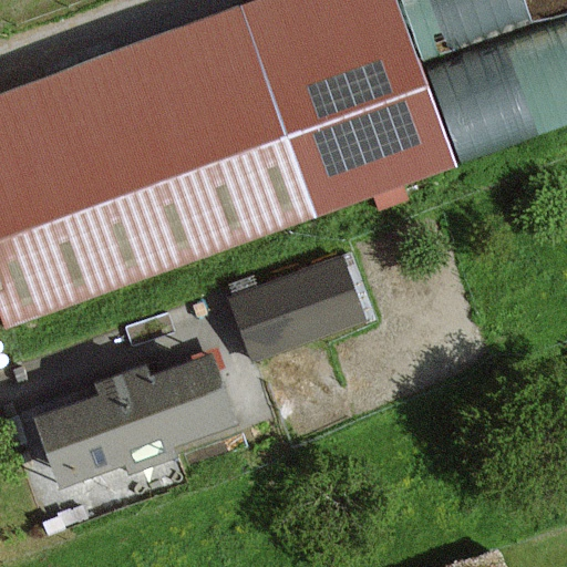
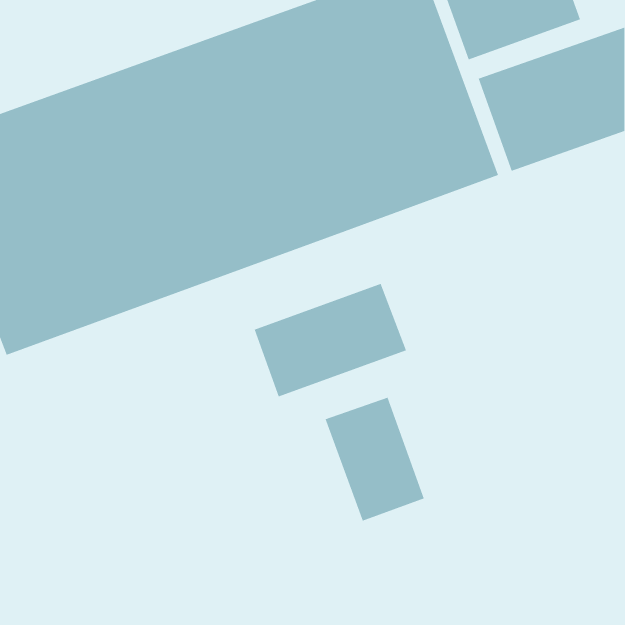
building: [34,352,243,488] -> none
building: none -> [325,397,425,521]

